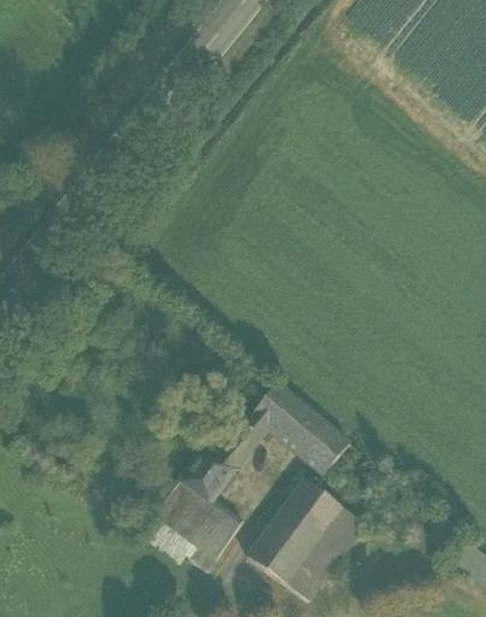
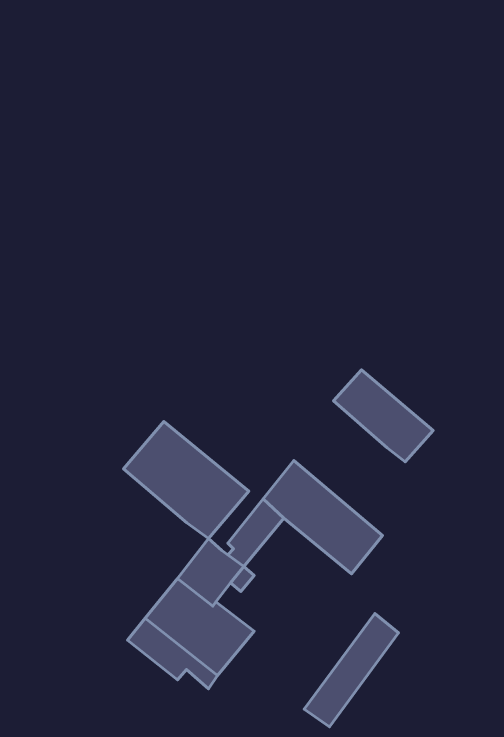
building: none -> [334,370,433,462]
building: none -> [123,422,249,539]
building: [248,478,345,584] -> none

